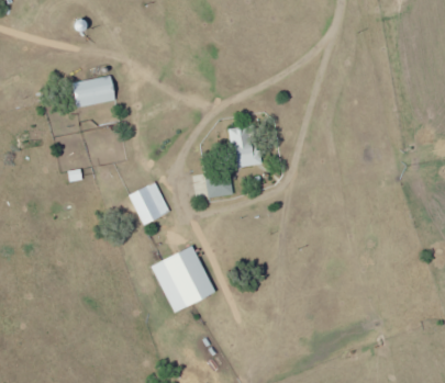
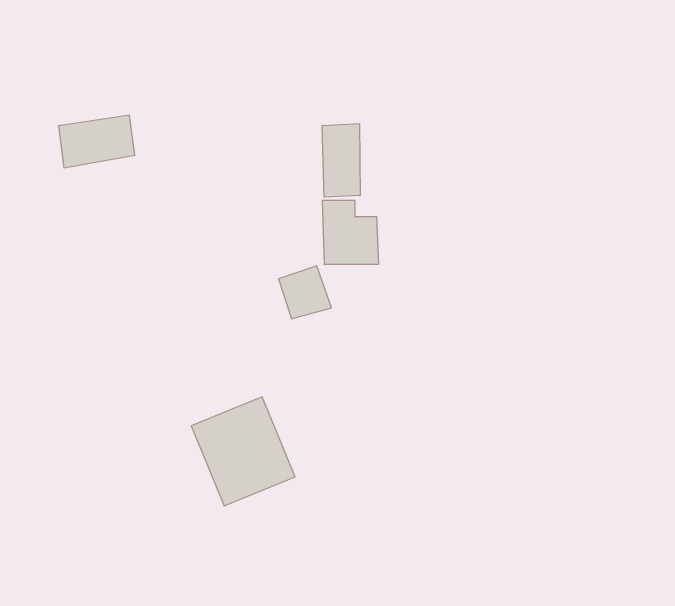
building: none -> [322,124,360,197]
building: [129,181,170,225] -> none

